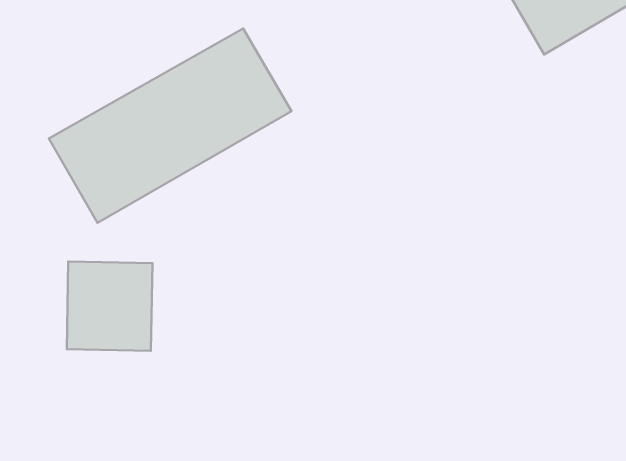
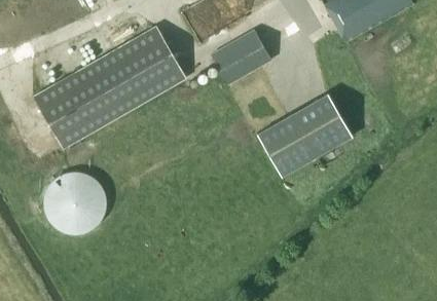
building: none -> [211,29,272,85]
building: none -> [256,92,353,178]

